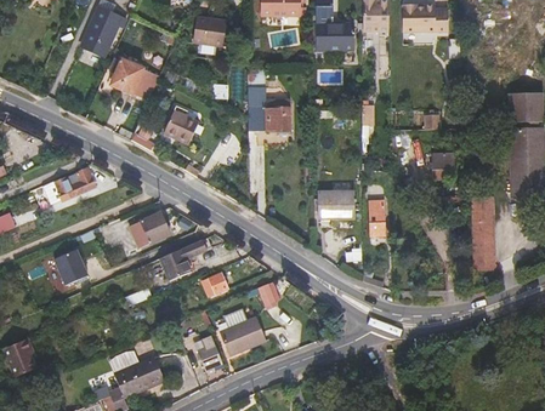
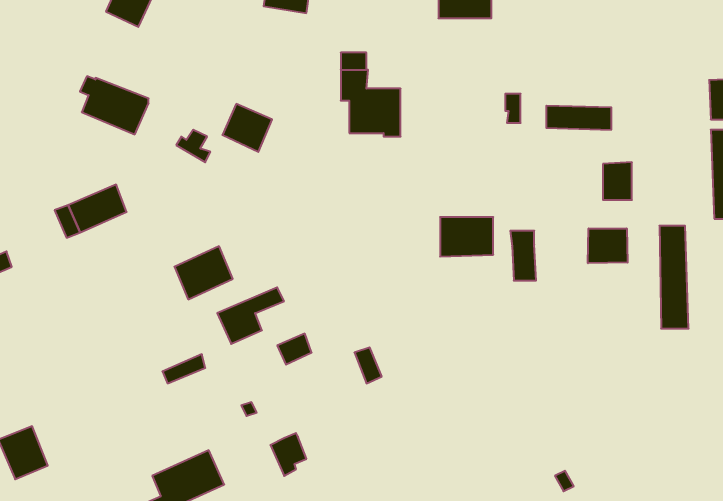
building: [109,58,158,99] -> [80,76,149,134]
building: none -> [588,228,628,263]
building: [55,250,87,284] -> none
building: [218,316,266,355] -> none

